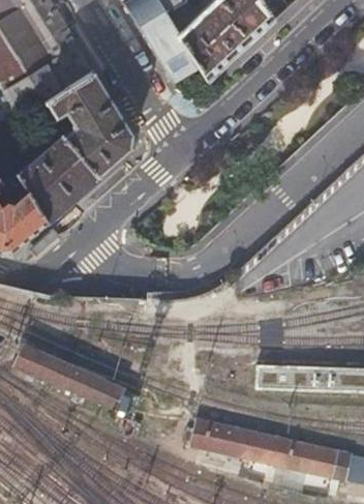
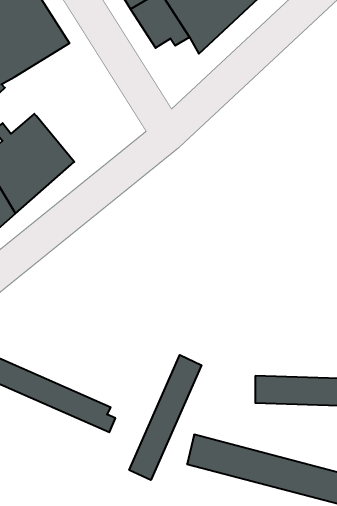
building: [44,72,131,177] -> none
building: none -> [129,355,201,480]

